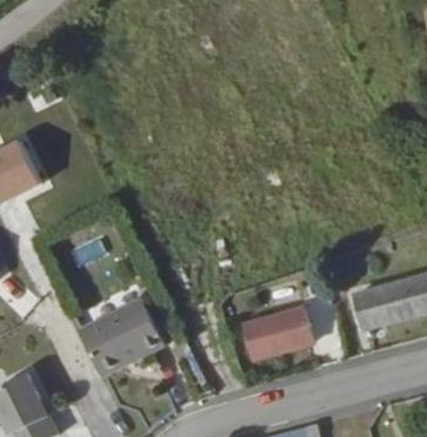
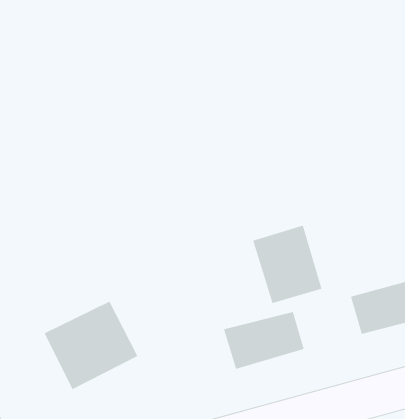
building: none -> [252,225,322,304]

